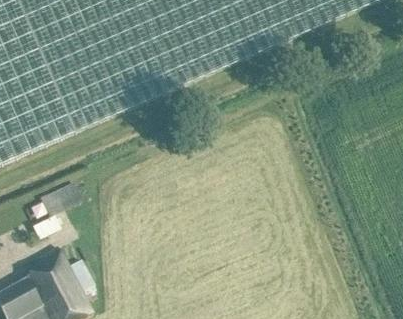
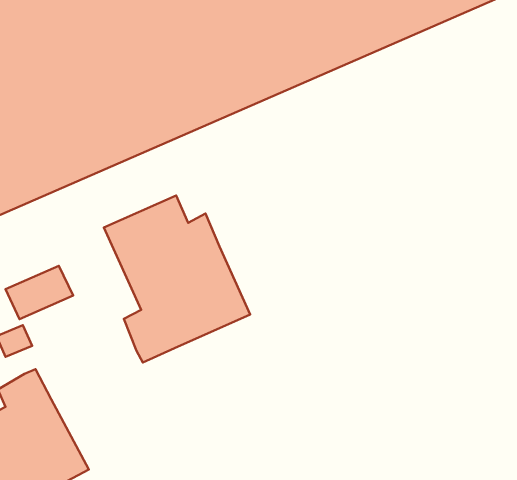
building: none -> [104,196,250,362]

